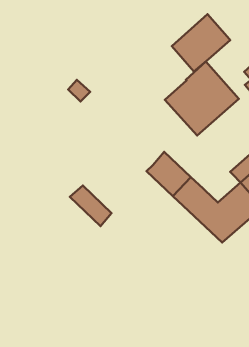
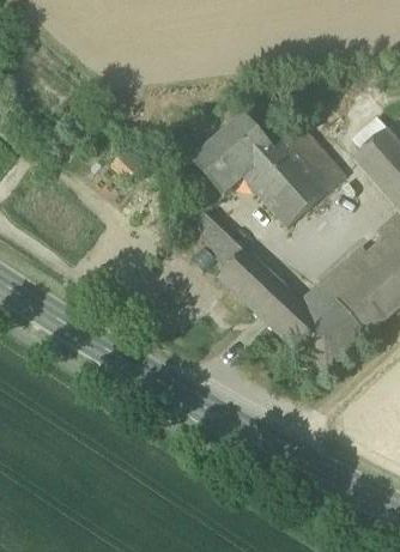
building: [172,14,230,71] -> [193,113,273,192]
building: none -> [298,274,347,316]
building: [70,185,112,226] -> [184,208,242,265]

